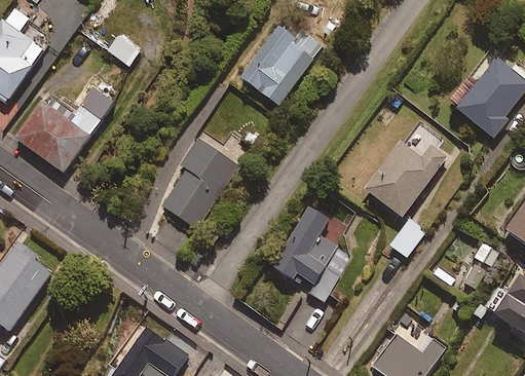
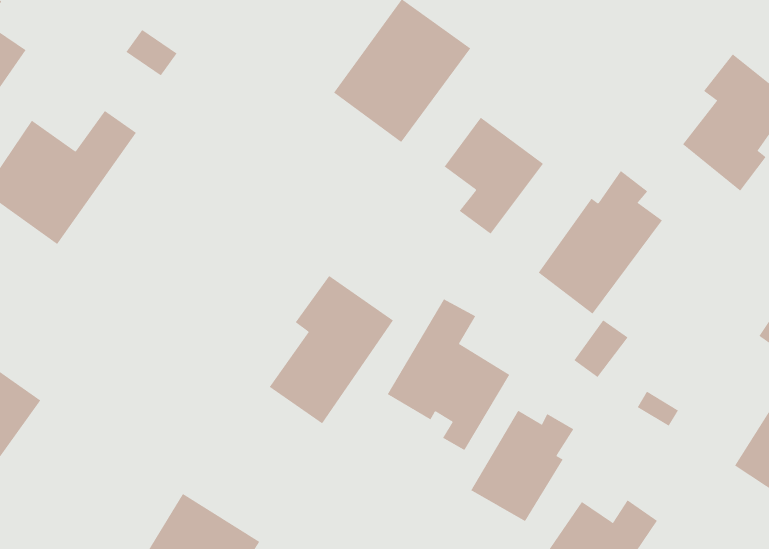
building: none -> [444,117,544,235]
building: [161,134,240,228] -> [269,275,394,424]
building: none -> [470,410,574,522]

